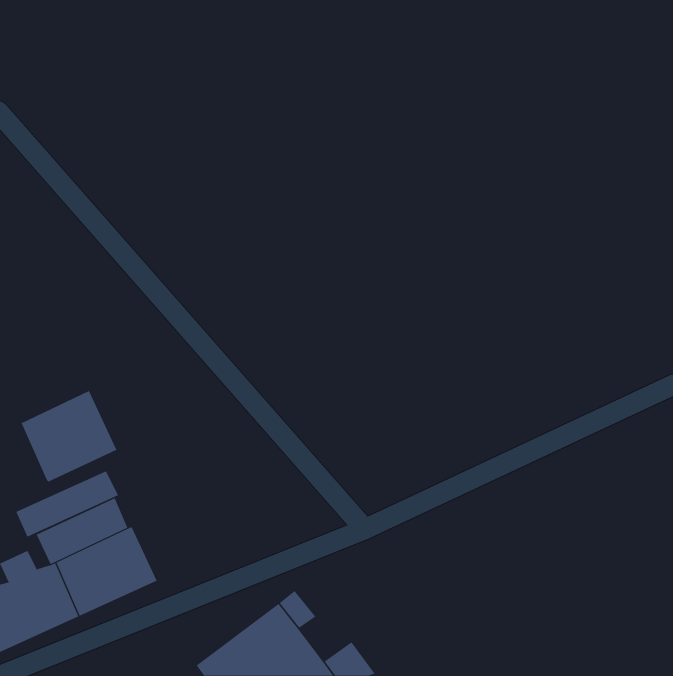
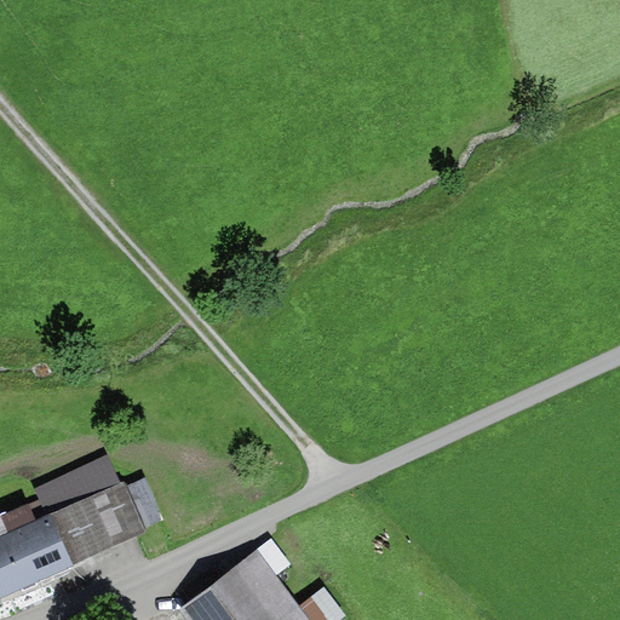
building: [21,390,117,482] -> none
building: [16,471,119,538] -> none

